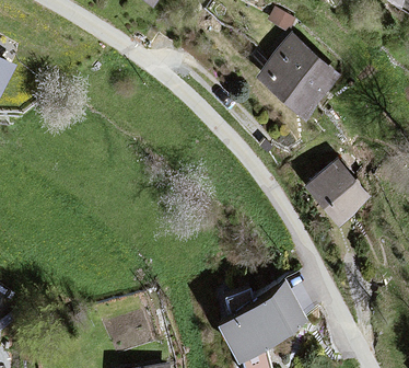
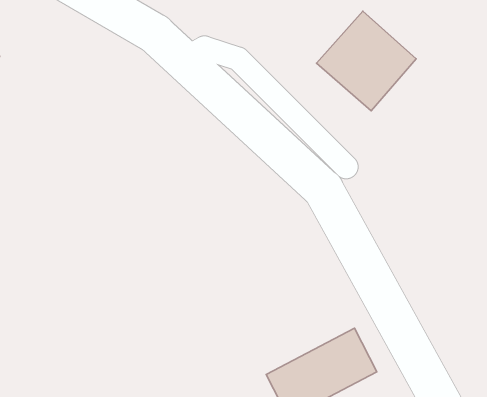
building: [304,159,369,223] -> none

